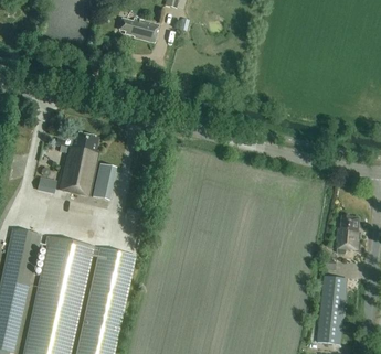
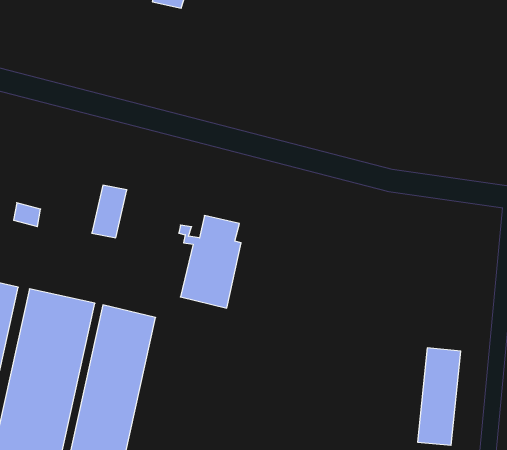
building: [56,132,99,196] -> [179,216,241,308]
building: [336,214,361,255] -> none

